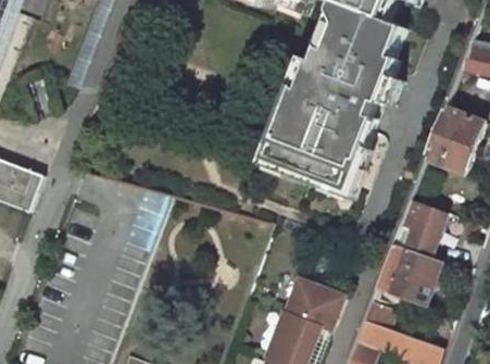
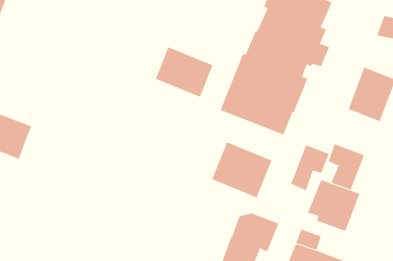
building: none -> [155,47,213,98]
building: none -> [212,141,272,198]
building: none -> [291,144,330,191]

